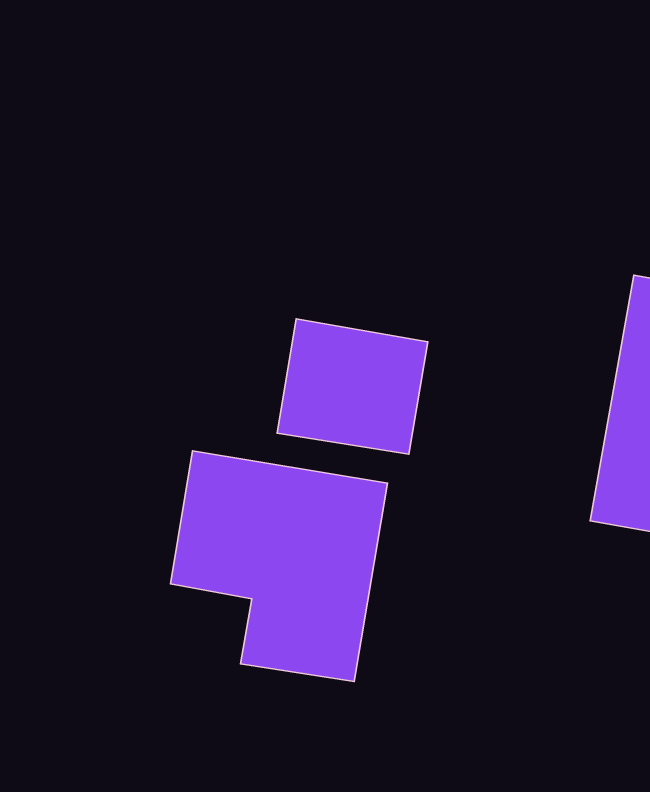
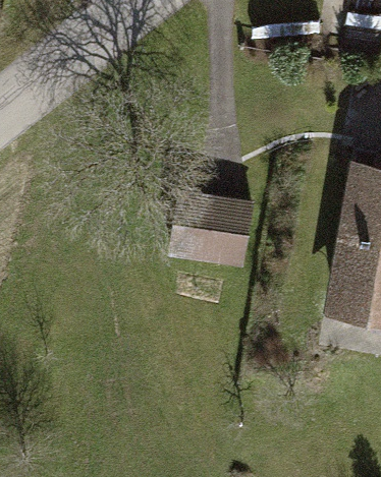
building: [171,451,388,681] -> none

